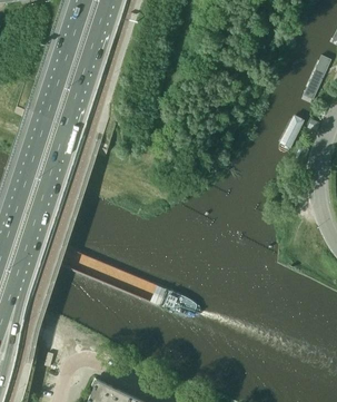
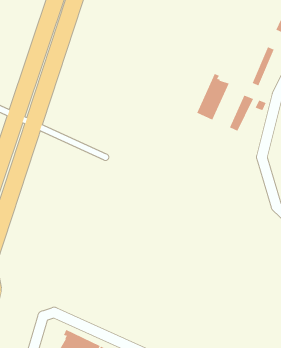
building: none -> [196,73,230,121]

